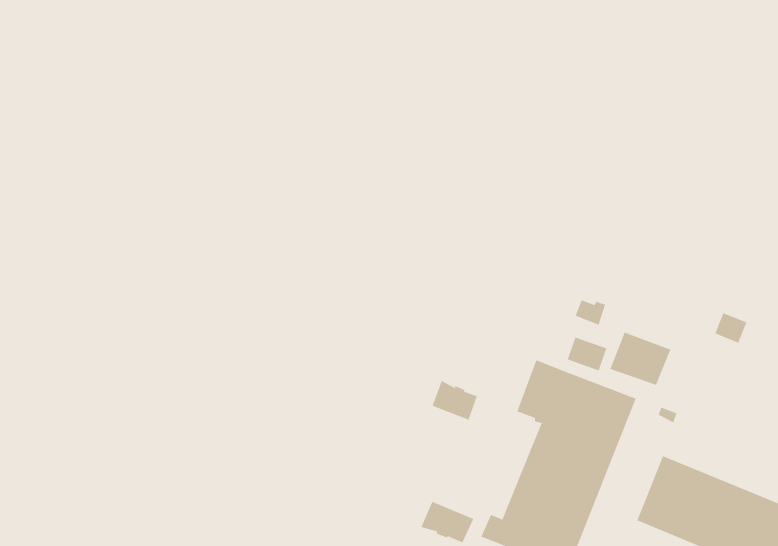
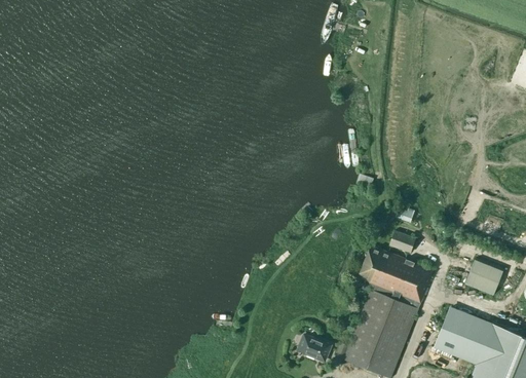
building: [609,332,671,385] -> [464,262,503,296]
building: [432,380,478,421] -> none

